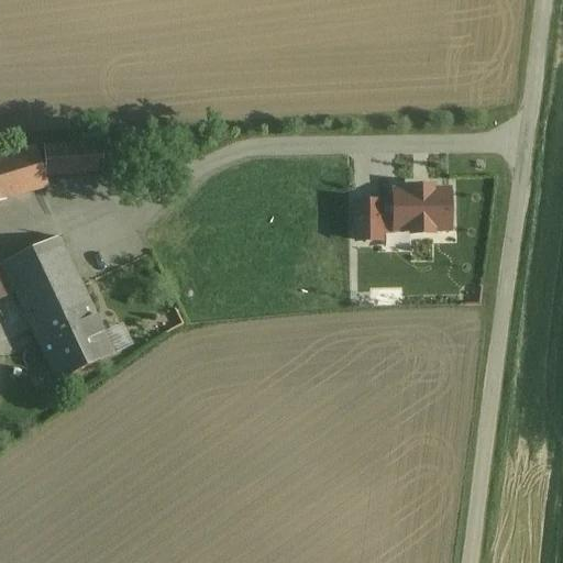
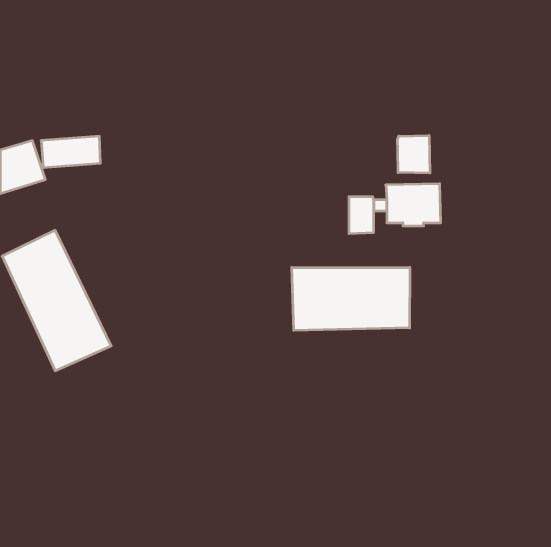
building: none -> [397,135,430,173]
building: none -> [292,267,410,330]

